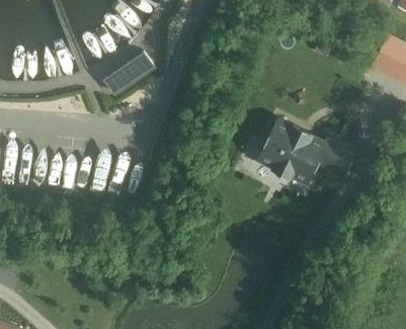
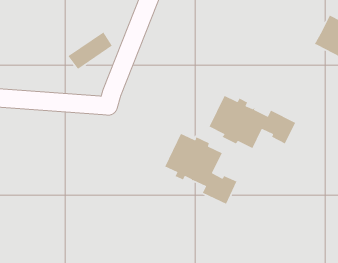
building: none -> [164,133,238,205]

